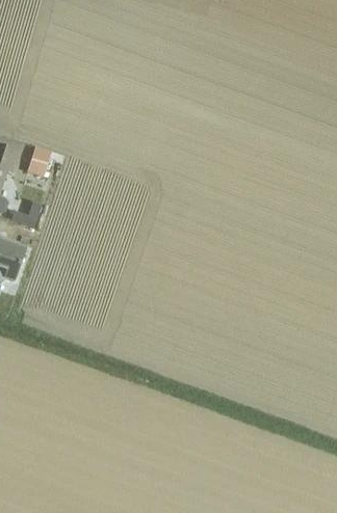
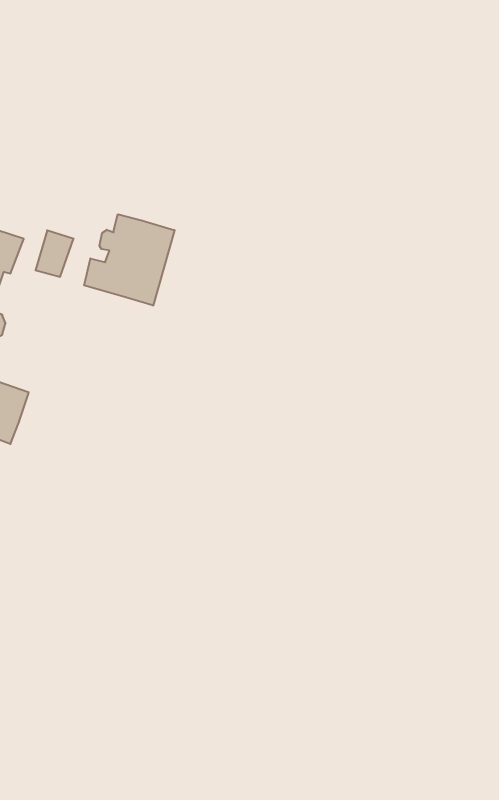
building: none -> [84,214,175,306]

